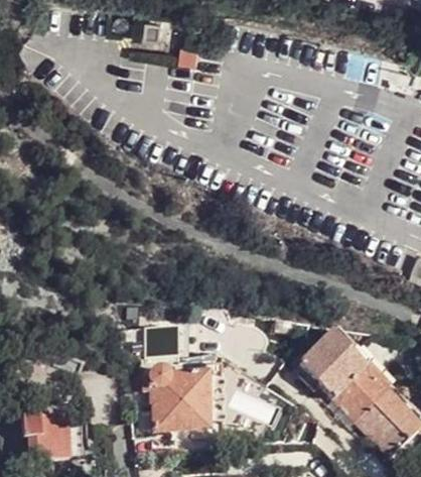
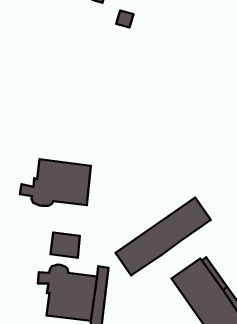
building: none -> [20,159,91,206]
building: none -> [116,197,211,275]

